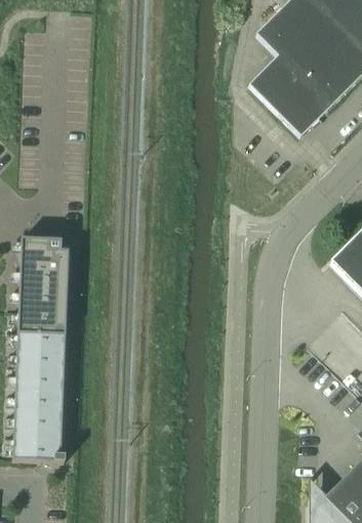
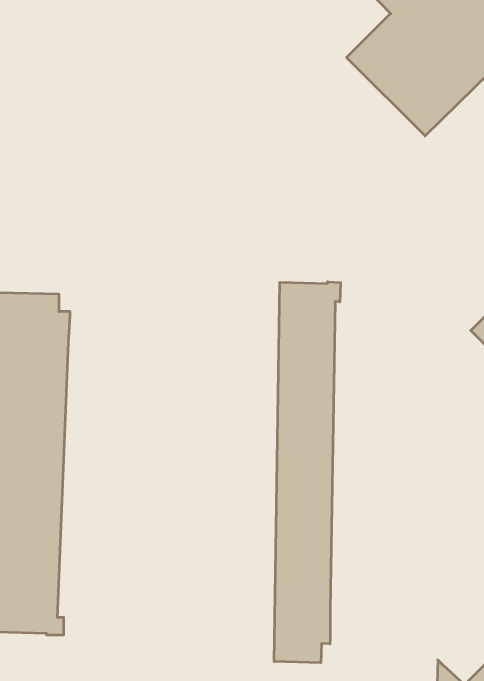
building: none -> [274,282,341,663]

